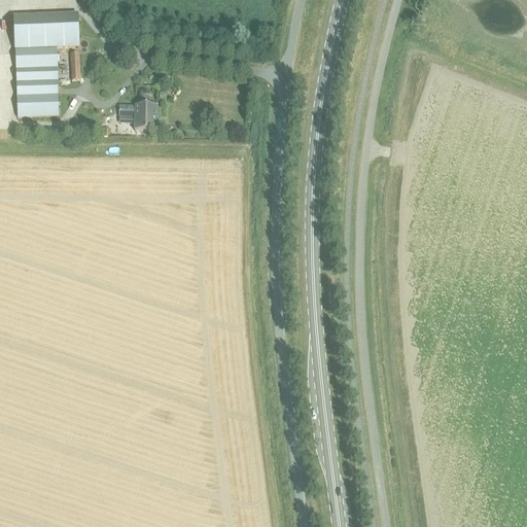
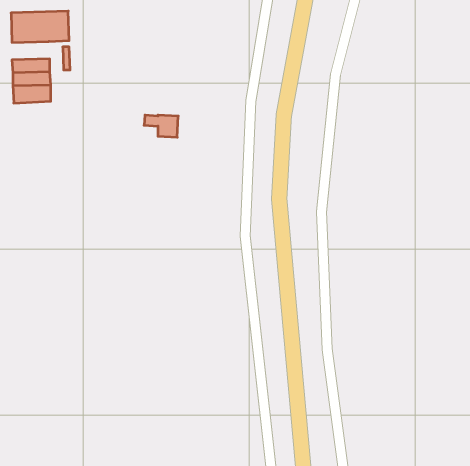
building: [14,46,57,67] -> none
building: [118,103,156,128] -> [144,115,178,137]

